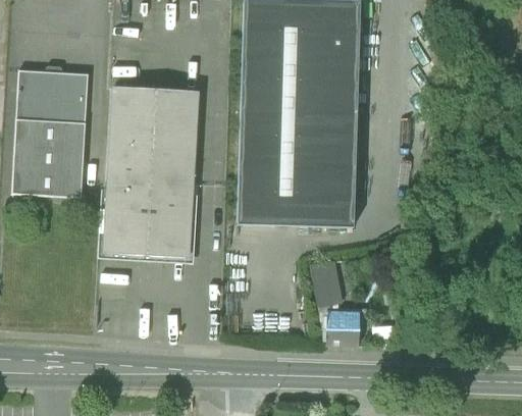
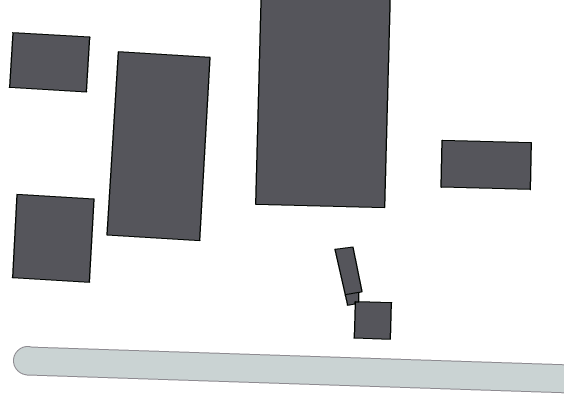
building: [12,118,86,197] -> [12,195,94,282]
building: none -> [441,140,531,190]

